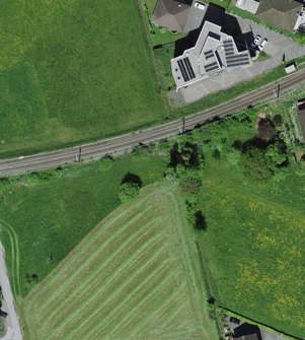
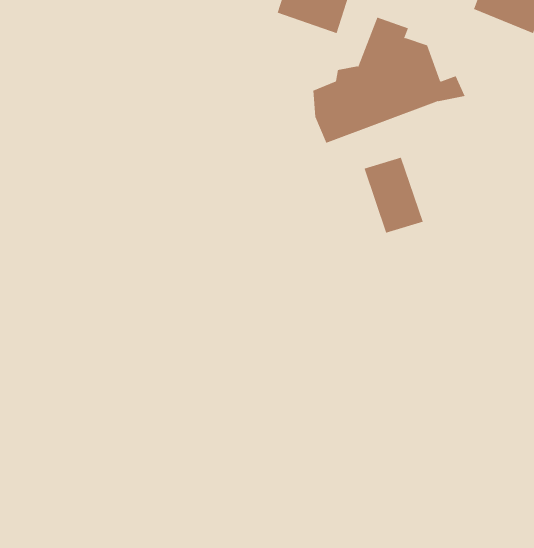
building: none -> [364,157,423,234]

